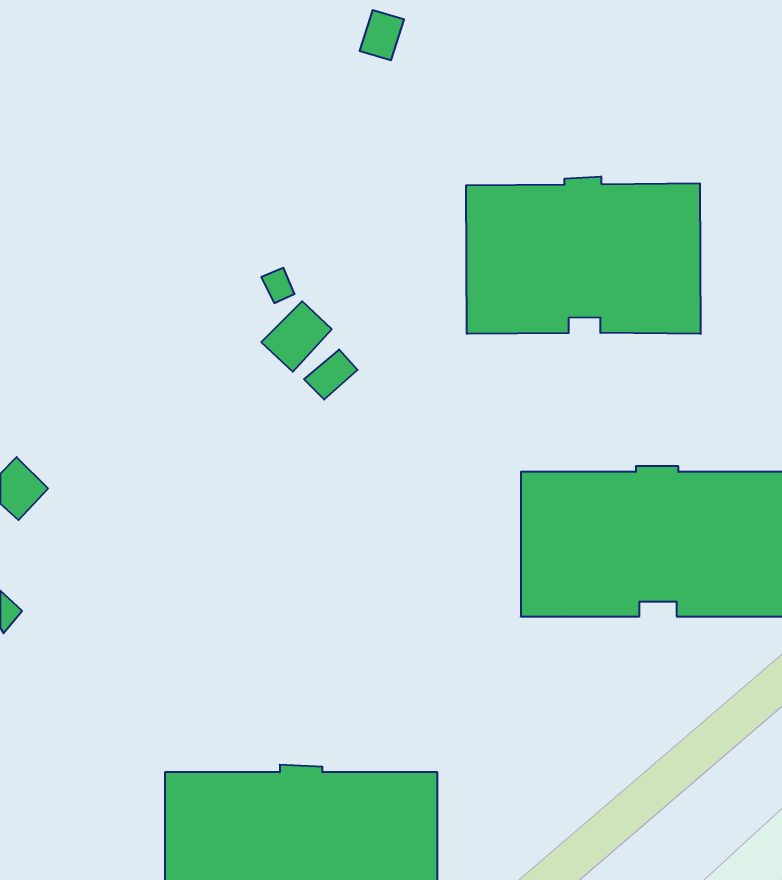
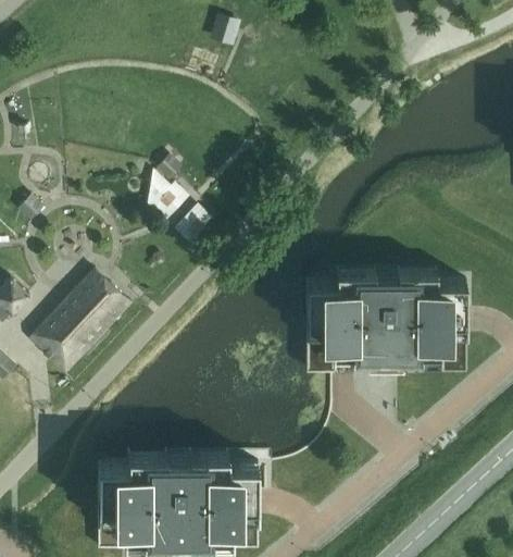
building: [466,176,701,334] -> none
building: none -> [29,267,129,369]

